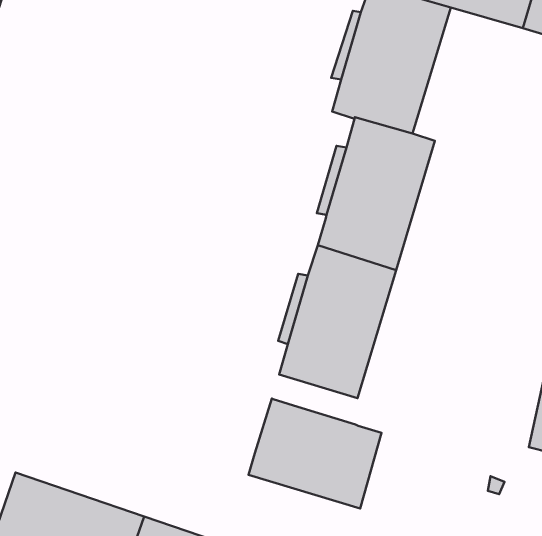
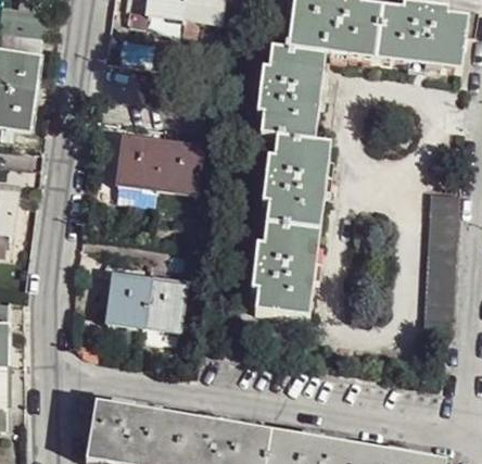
building: none -> [114,133,224,202]
building: none -> [106,272,185,328]
building: [249,399,381,508] -> none

